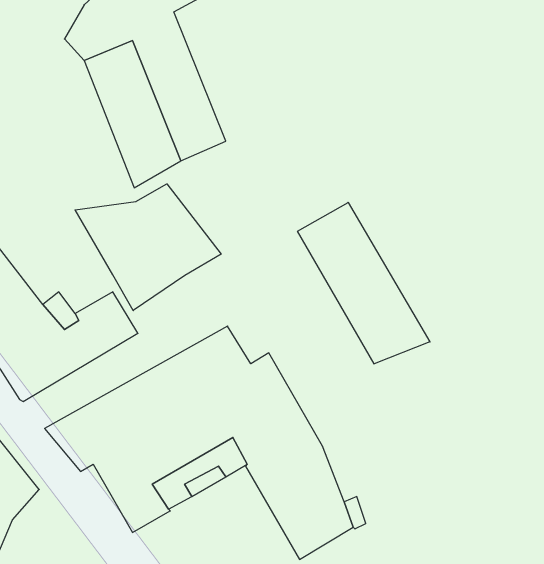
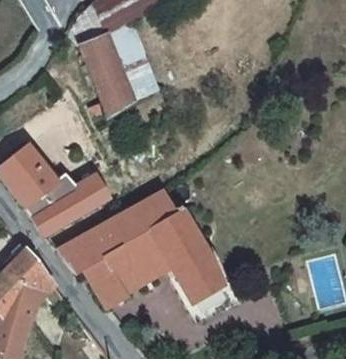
building: [75,184,221,311] -> none
building: [298,202,430,364] -> none

